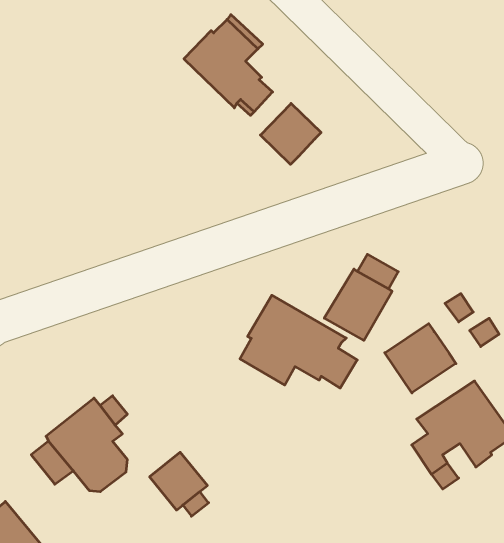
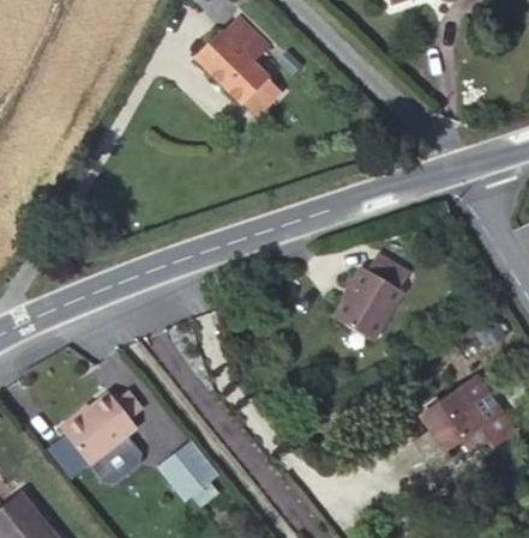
building: [260,103,321,164] -> none
building: [240,295,357,388] -> none
building: [385,324,456,393] -> none

